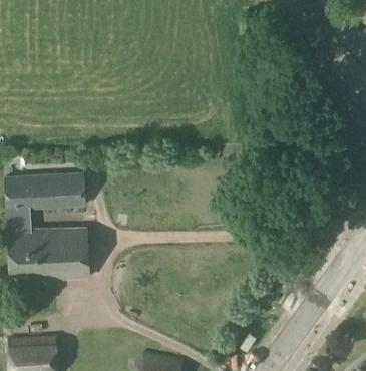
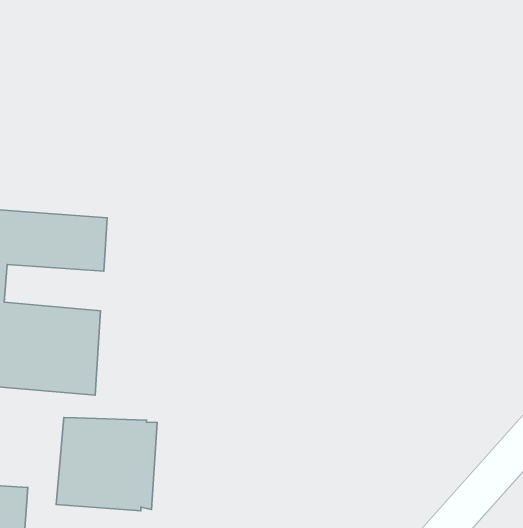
building: none -> [56,418,157,511]

